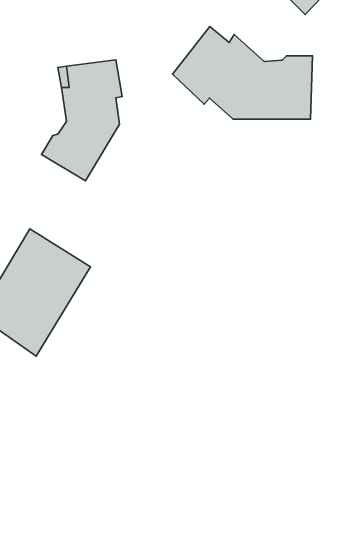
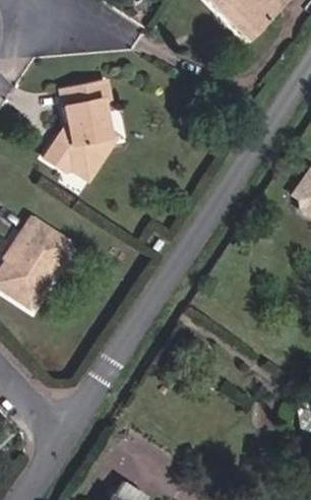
building: [172,26,312,119] -> none

